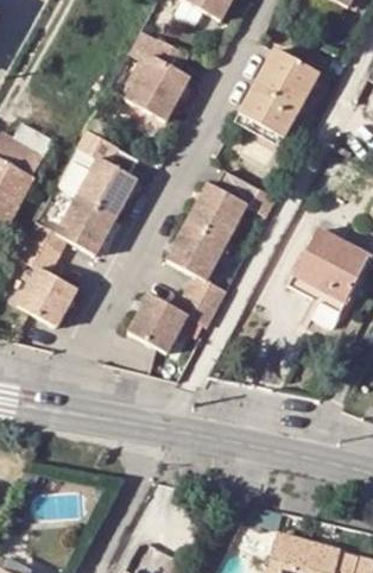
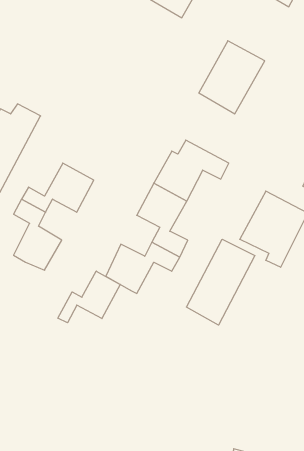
building: [125,39,189,122] -> none
building: [77,130,137,215] -> none
building: none -> [186,239,255,325]
building: none -> [58,271,120,323]

